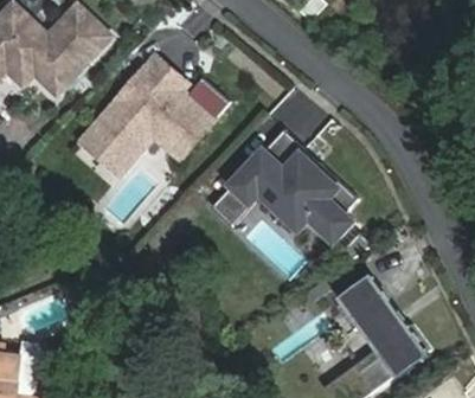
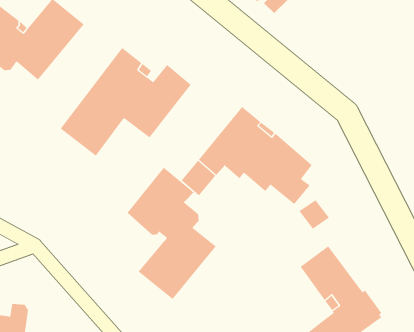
building: none -> [127,167,216,300]

